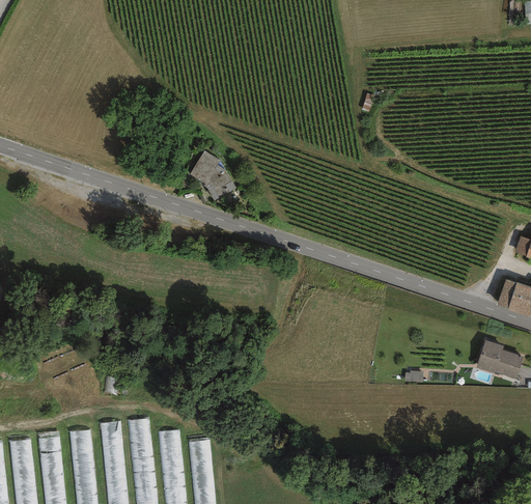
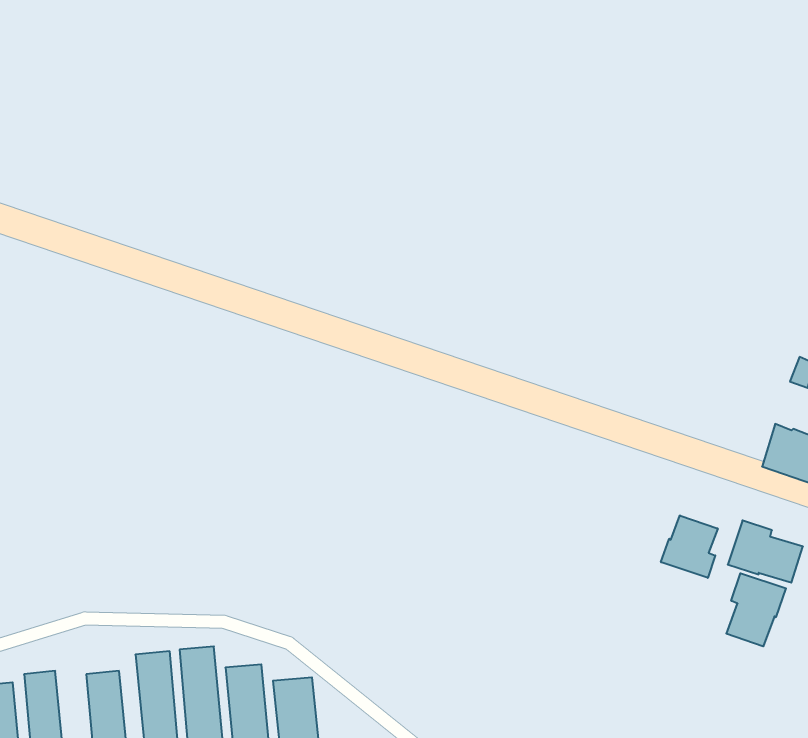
building: [192,149,236,200] -> none
building: none -> [661,515,718,578]
building: none -> [726,573,786,646]

